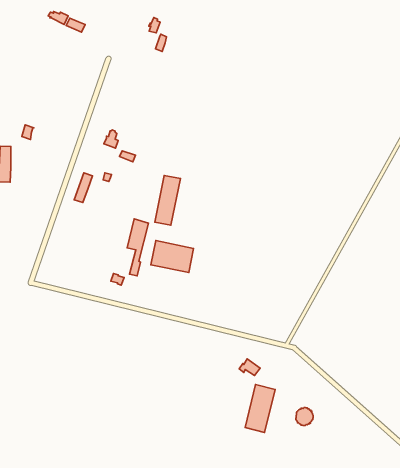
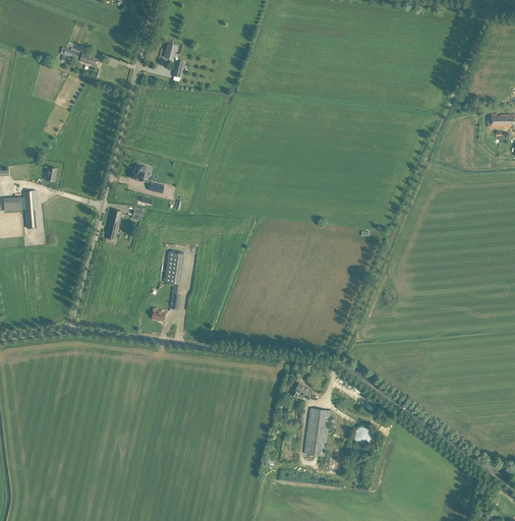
building: [155,176,180,225] -> none
building: [151,241,193,273] -> none

